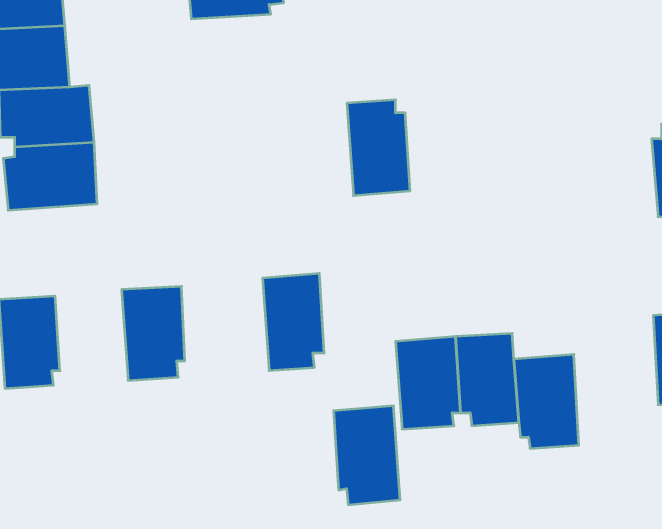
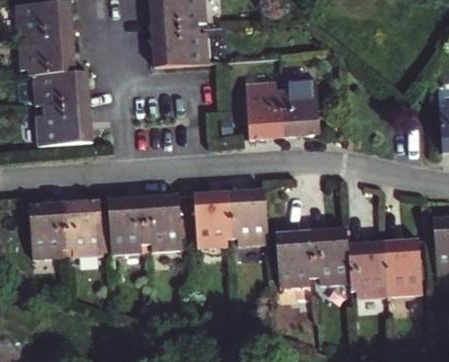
building: none -> [150,30,210,67]
building: none -> [282,80,321,139]
building: none -> [144,195,182,253]
building: none -> [66,200,105,259]
building: none -> [386,237,425,296]
building: [334,406,400,505] -> [229,187,270,248]

